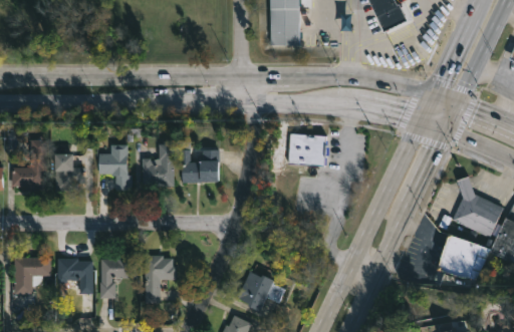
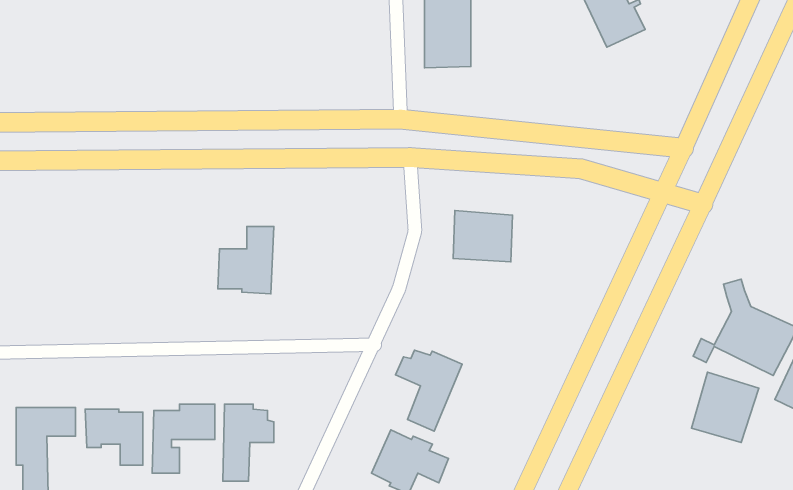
building: [11,139,46,191] -> none
building: [97,143,132,190] -> none
building: [181,149,219,182] -> none
building: [54,153,85,193] -> none
building: none -> [396,350,462,431]

